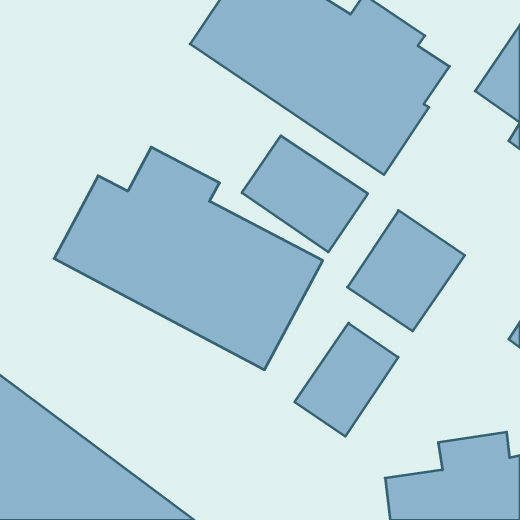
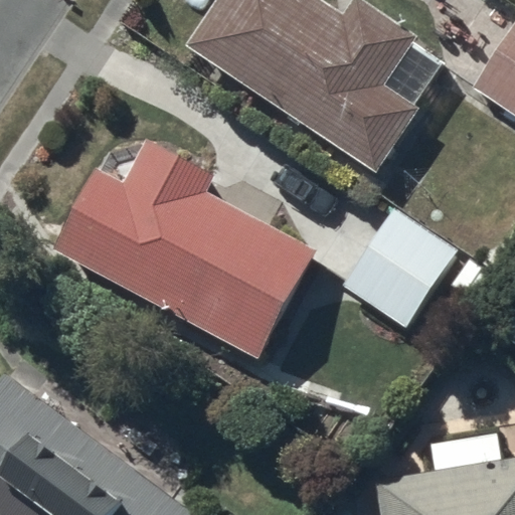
building: [242,136,368,252] -> none
building: [295,323,398,436] -> none

